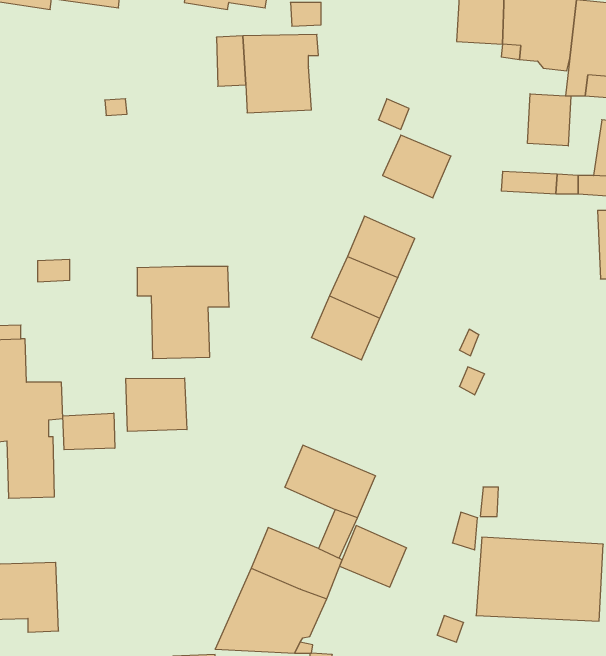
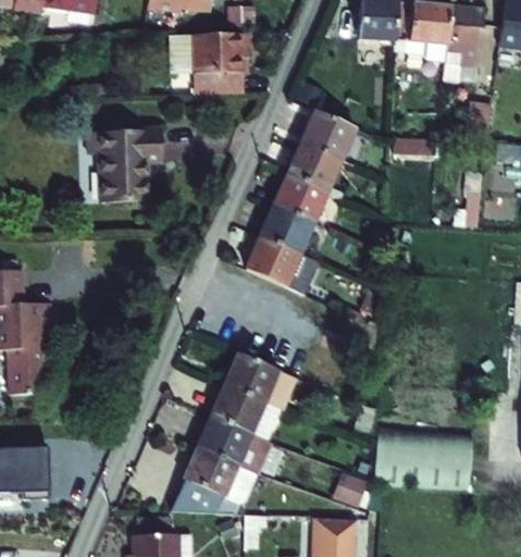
building: [528,94,571,146] -> none
building: none -> [286,143,339,191]
building: [137,266,229,359] -> [87,129,159,201]
building: [126,378,187,431] -> none
building: [63,413,115,450] -> none
building: [340,526,407,587] -> [211,385,263,433]

